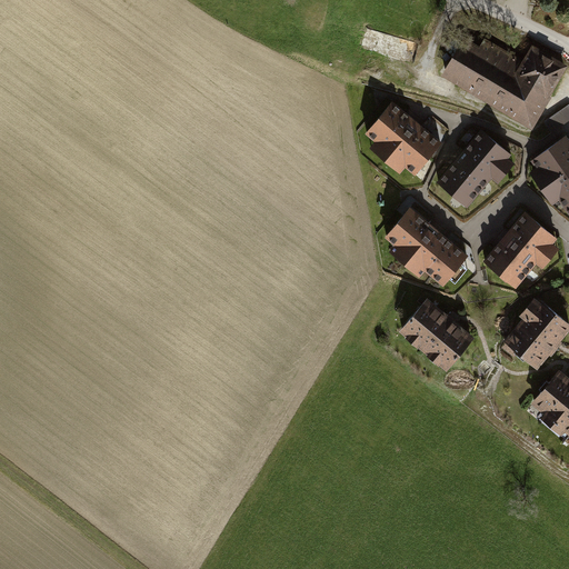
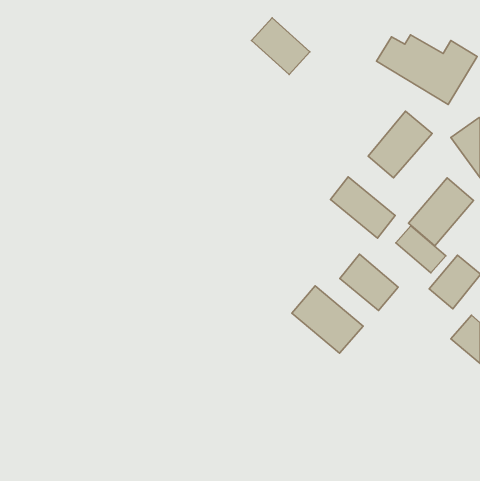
building: [370,106,439,172] -> [252,18,310,74]
building: none -> [396,226,446,273]
building: none -> [292,286,363,353]

